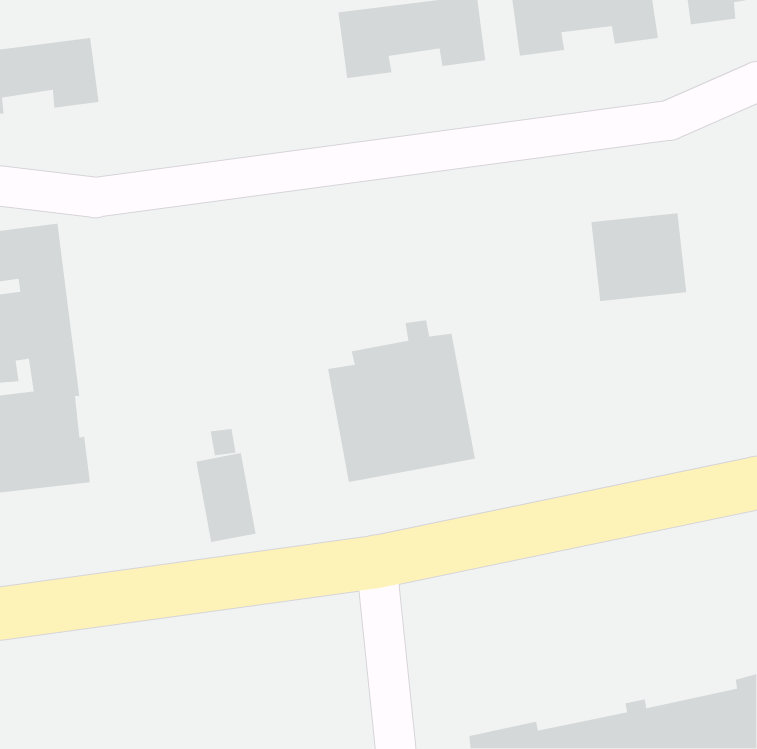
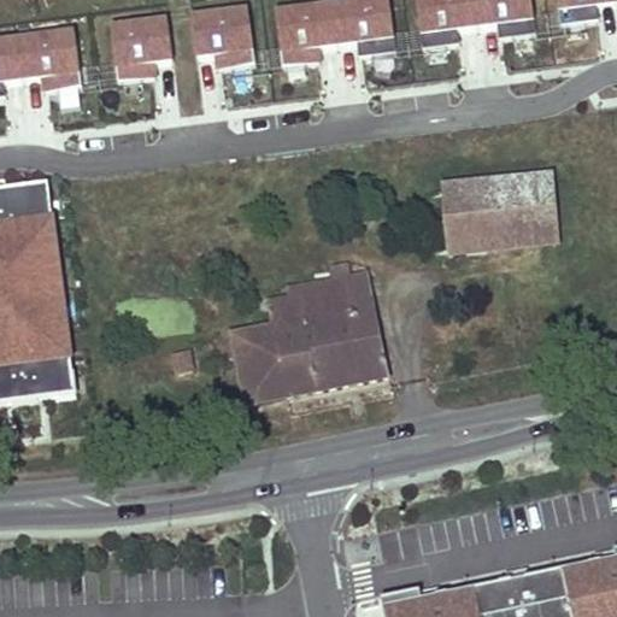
building: none -> [190,7,253,65]
building: none -> [110,18,171,78]
building: none -> [442,180,486,248]
building: [195,452,256,543] -> [233,325,282,399]

